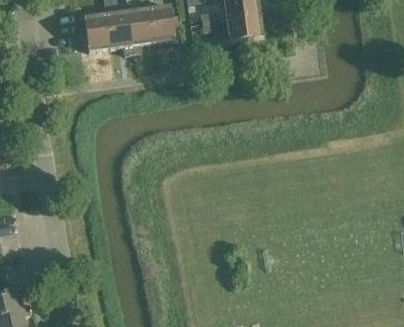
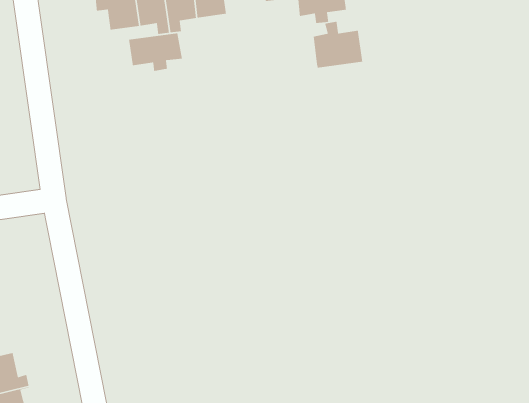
building: none -> [313,21,363,68]
building: none -> [128,32,183,72]

